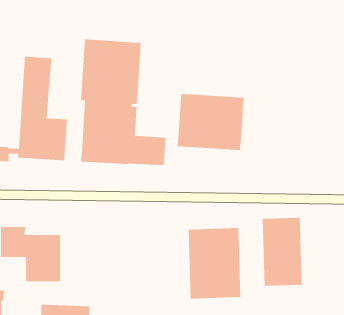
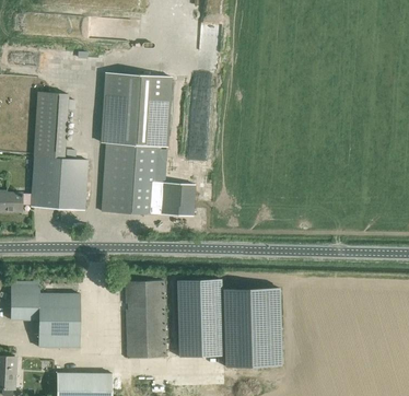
building: [177,93,244,151] -> none
building: [262,217,302,286] -> [177,279,223,357]
building: none -> [126,280,167,359]

